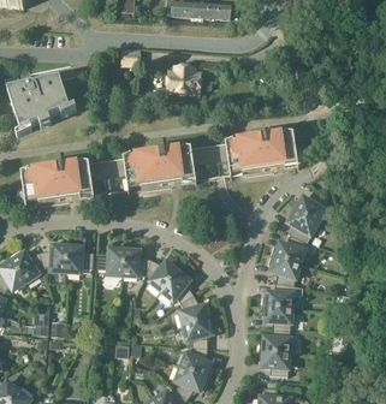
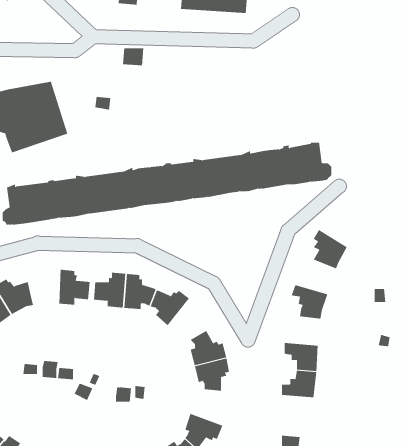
building: [167,64,201,91] -> none
building: [292,191,326,221] -> none
building: [272,233,308,262] -> none
building: [40,239,67,271] -> none
building: [161,266,195,302] -> none
building: [262,281,302,307] -> none
building: [180,345,213,376] -> none
building: [259,350,289,375] -> none

